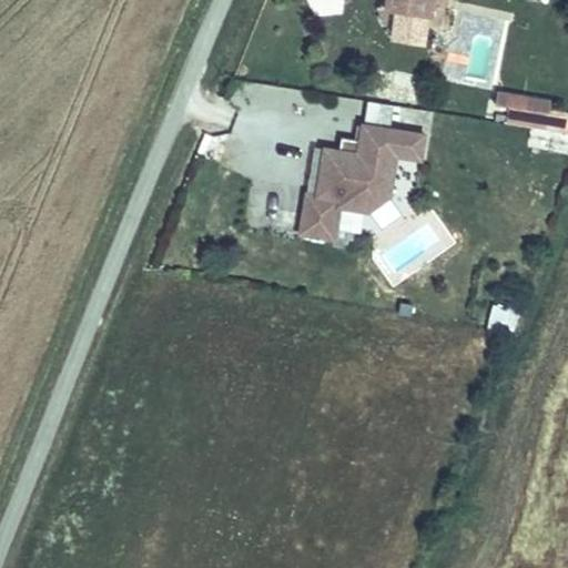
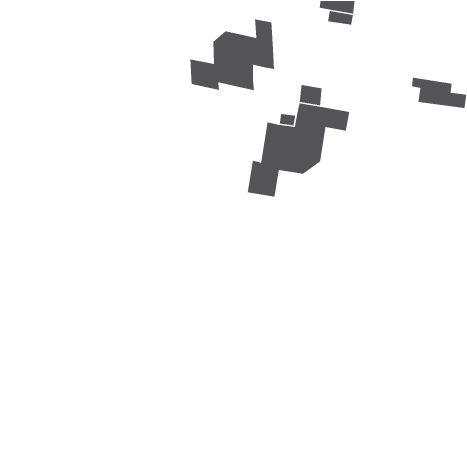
building: none -> [190,18,275,91]

